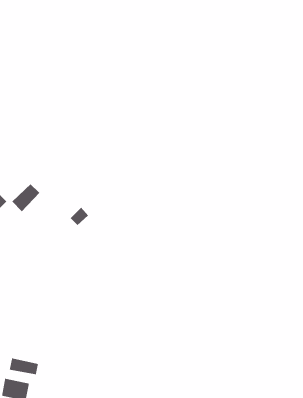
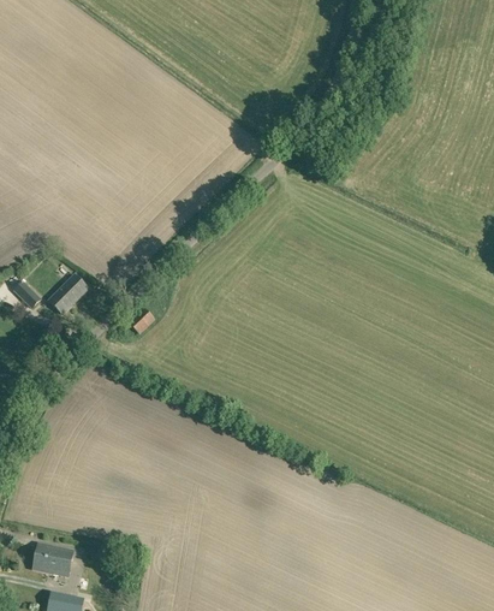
building: [9,357,39,375] -> none

